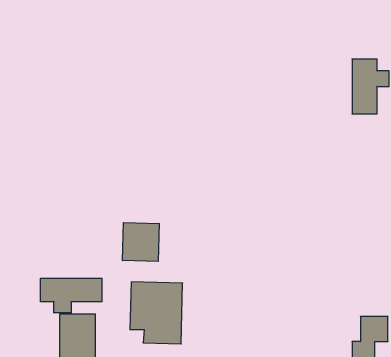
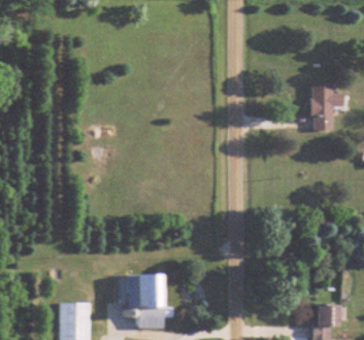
building: [123,223,159,261] -> none
building: [41,278,102,313] -> none

